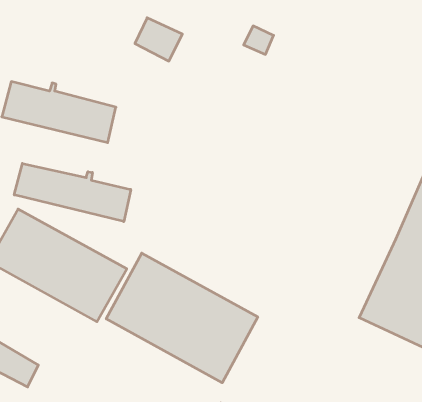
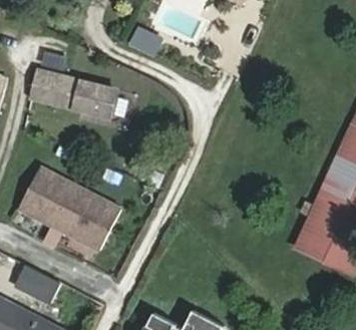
building: [14,163,131,222] -> none
building: [106,253,258,383] -> none

